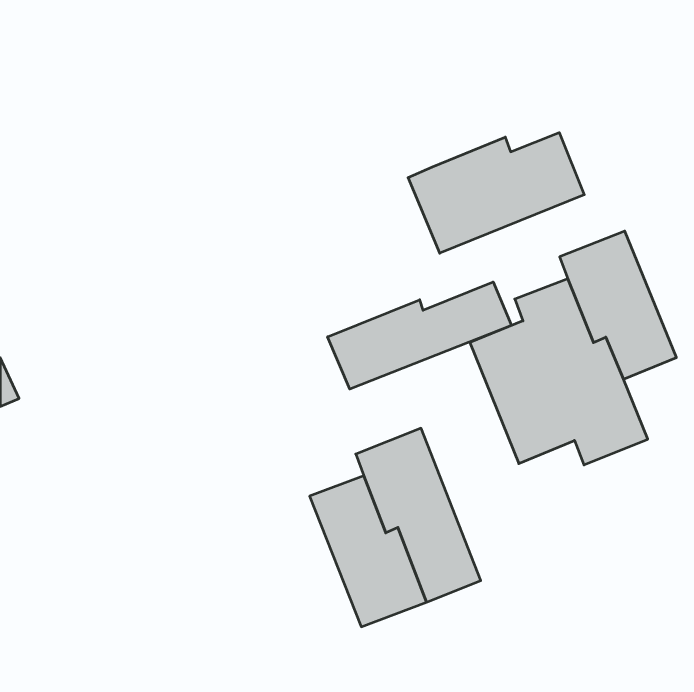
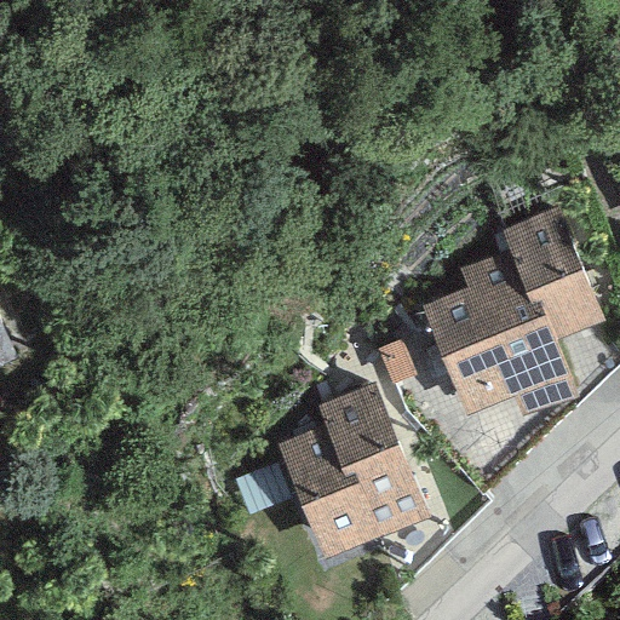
building: [408,133,584,253] -> none
building: [328,282,512,389] -> none

